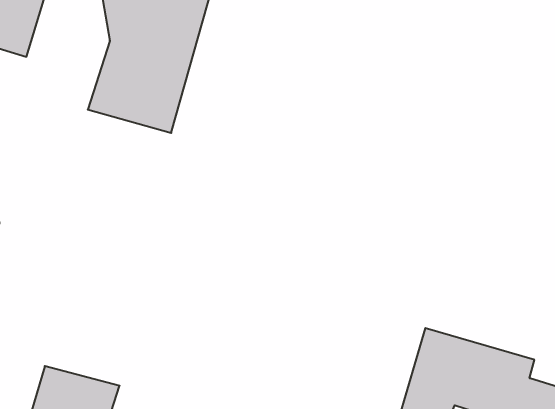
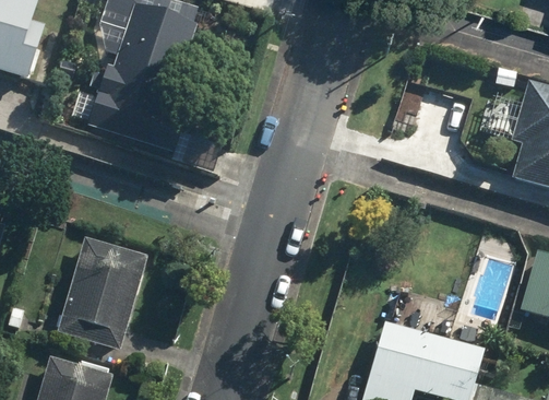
building: none -> [55,234,147,351]

